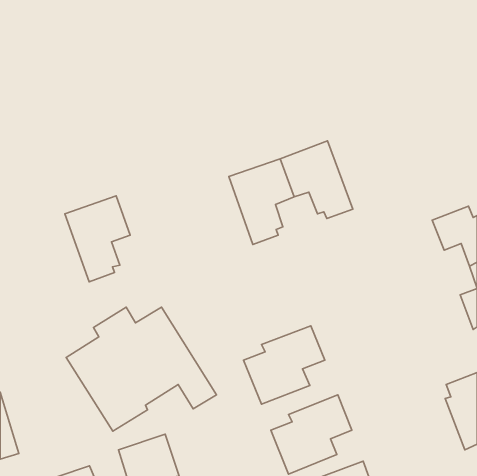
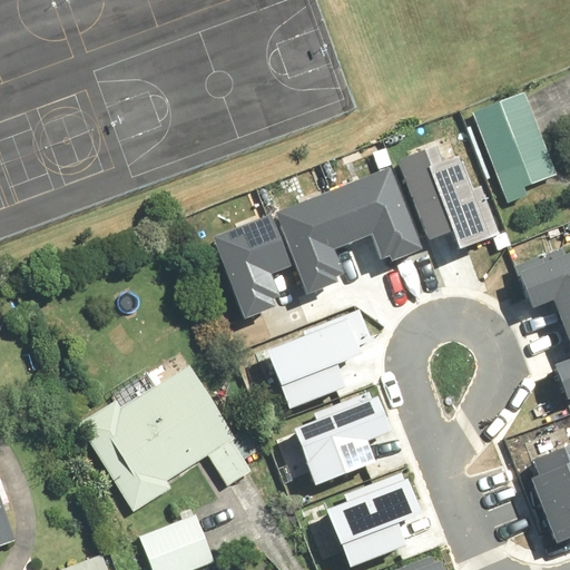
building: none -> [475,92,564,208]
building: none -> [394,147,501,252]
building: [65,196,130,282] -> [209,215,287,317]
building: none -> [262,317,357,412]

